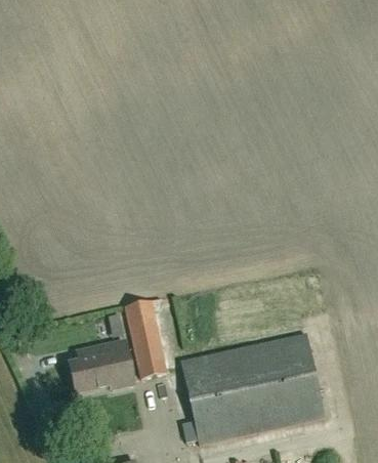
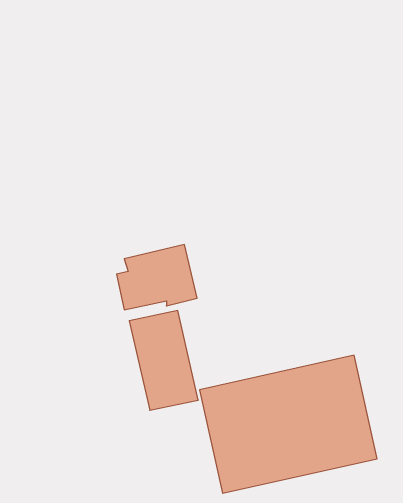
building: [70,340,134,392] -> [117,245,197,310]

